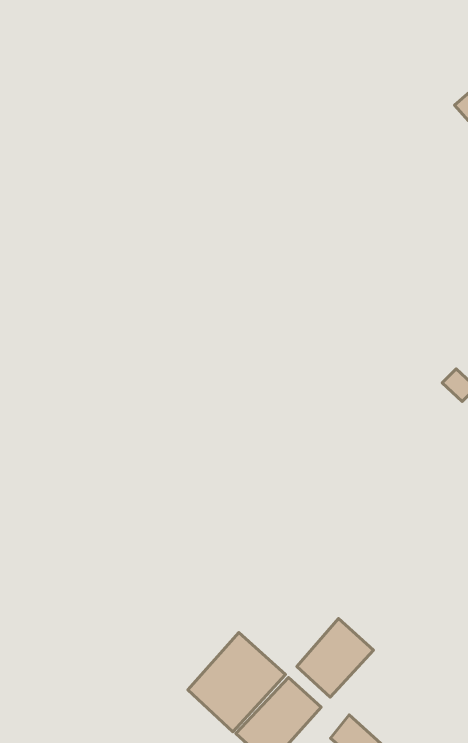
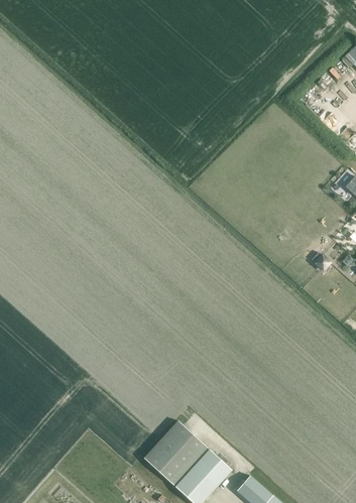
building: [297,618,374,697] -> none

